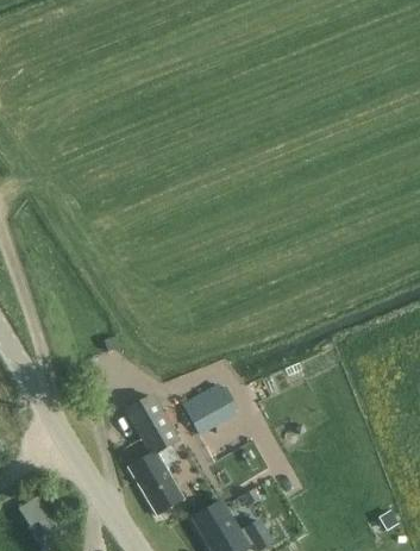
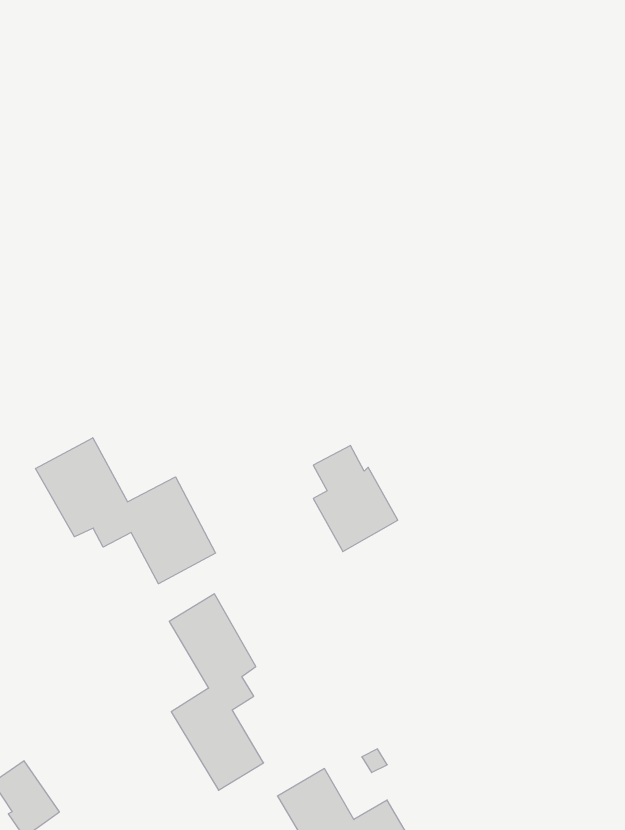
building: none -> [36,438,216,584]
building: [182,369,233,433] -> [313,446,398,552]

